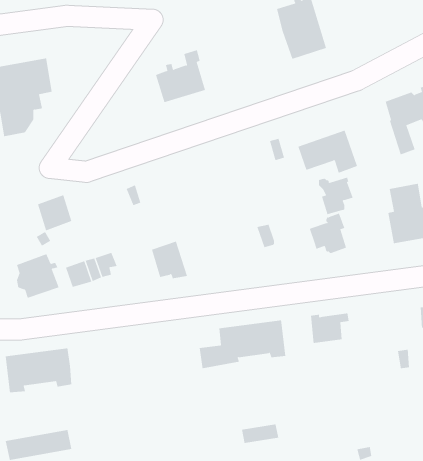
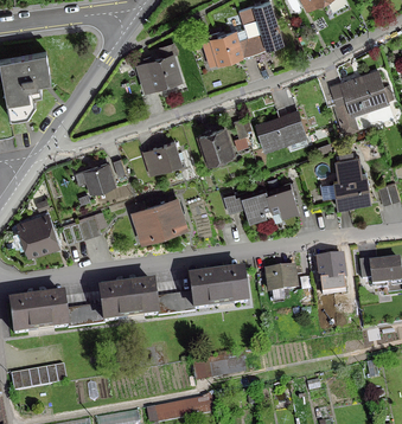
building: none -> [203,28,251,65]
building: none -> [198,128,232,161]
building: none -> [141,141,181,171]
building: [318,177,353,215] -> [241,189,270,221]
building: [37,194,72,231] -> [83,162,113,193]
building: none -> [154,199,183,235]
building: none -> [317,255,344,281]
building: none -> [65,283,176,327]

